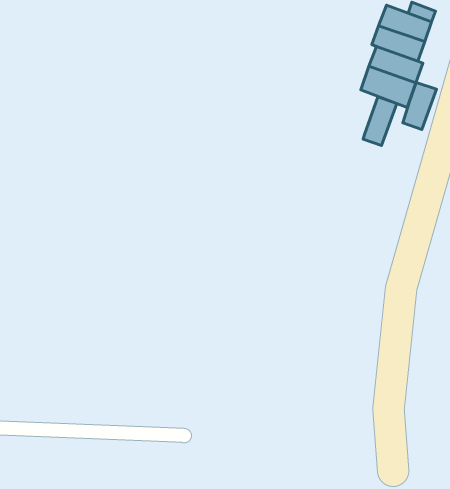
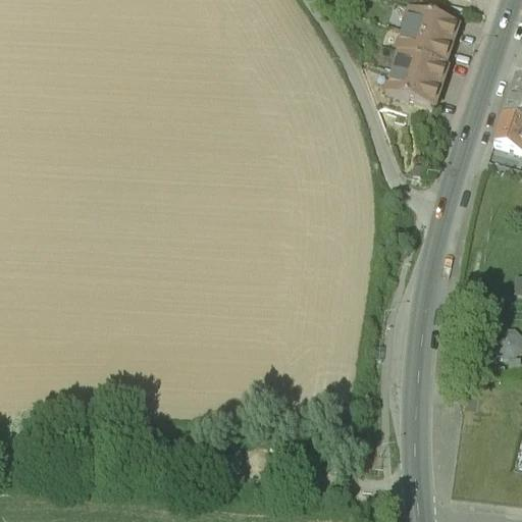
building: [403,82,437,129] -> none
building: [363,97,397,145] -> none

